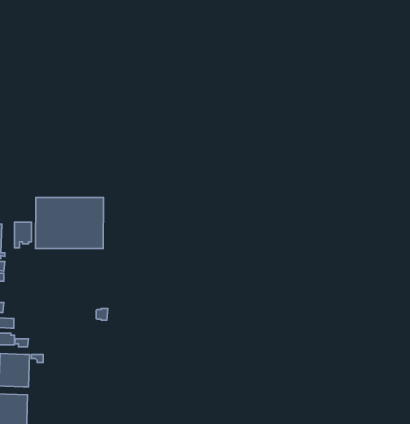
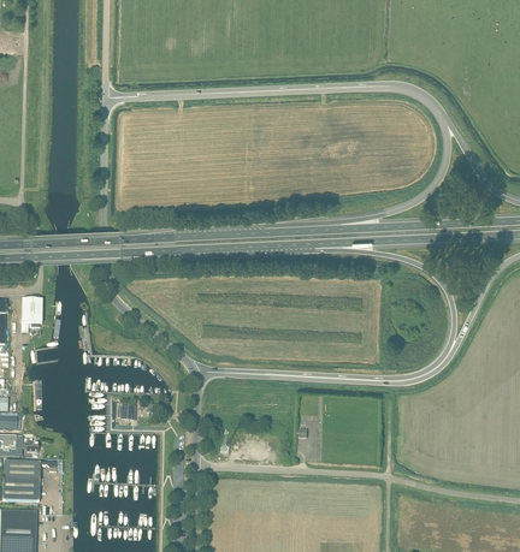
building: [35,197,104,249] -> none

